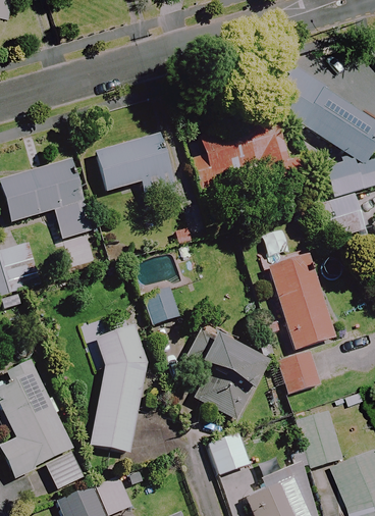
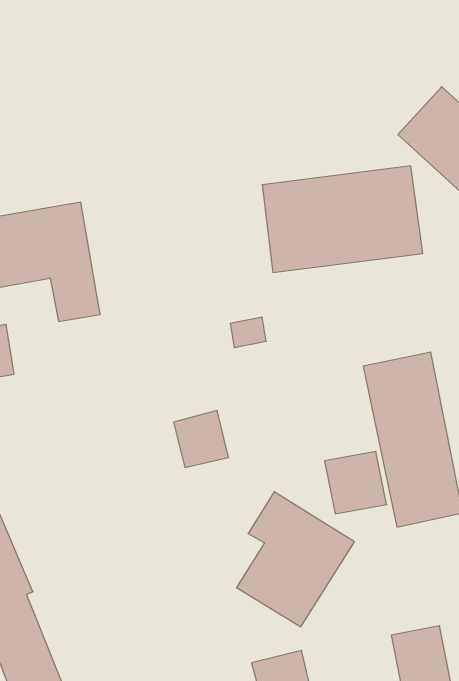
building: [95,135,178,210] -> none
building: [90,324,146,451] -> none
building: [277,350,320,393] -> [325,451,387,514]

